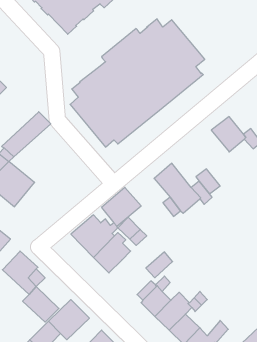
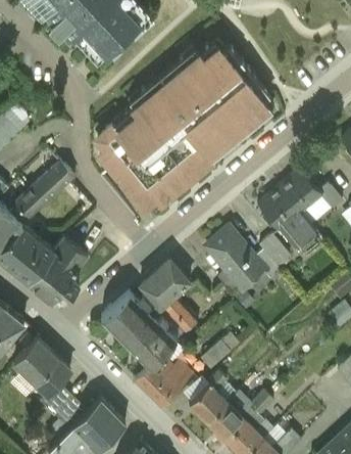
building: none -> [256,183,314,245]
building: none -> [29,236,87,299]
building: none -> [135,348,192,403]

